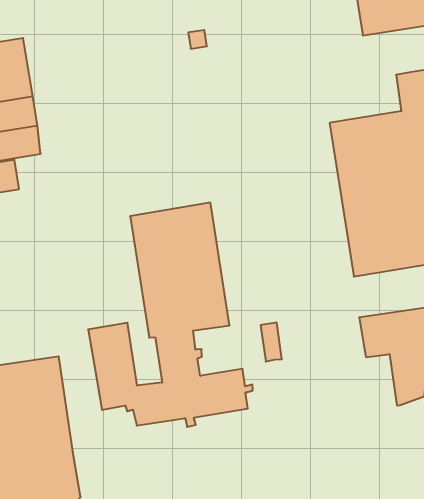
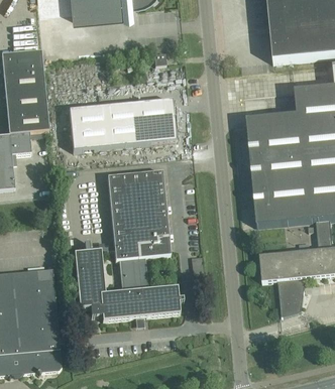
building: none -> [68,99,175,150]

